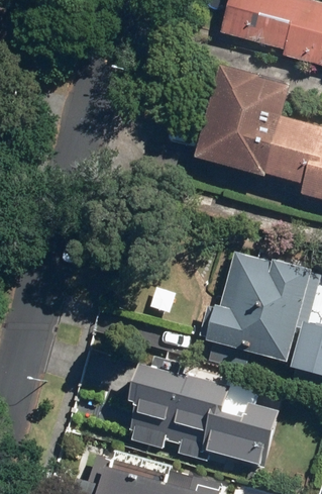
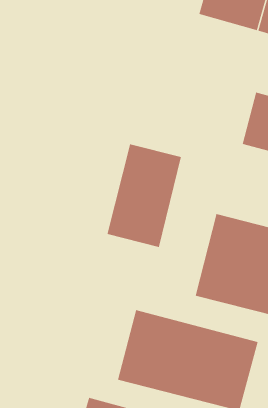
building: [194,70,289,178] -> none
building: none -> [107,143,181,248]

